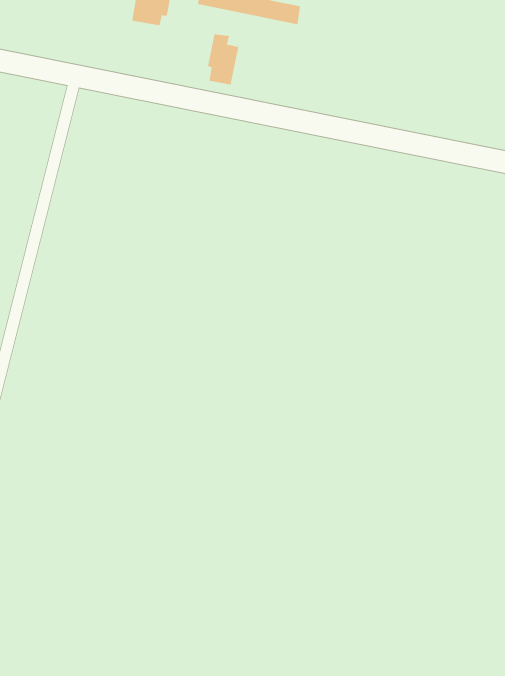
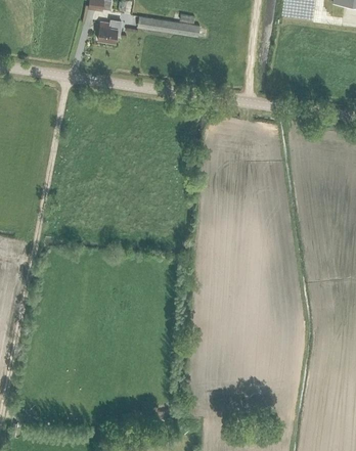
building: [208,34,239,86] -> none

